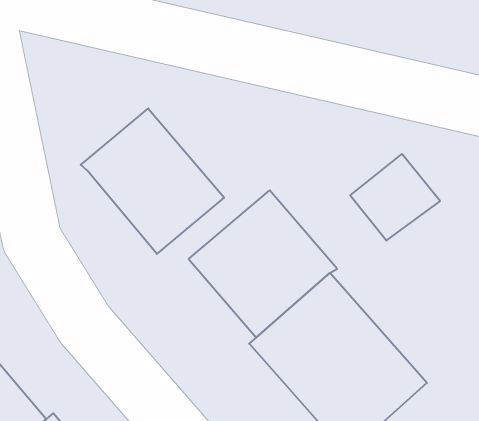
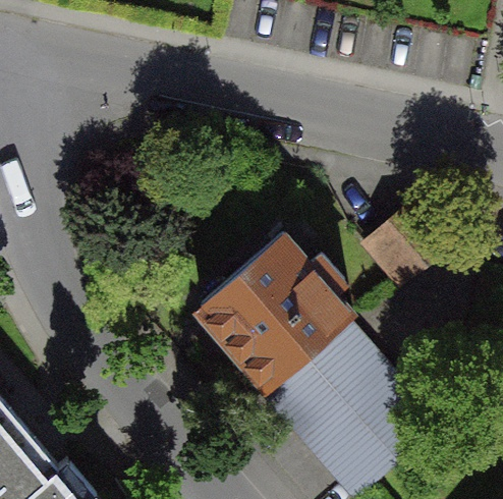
building: [81,108,224,254] -> none

